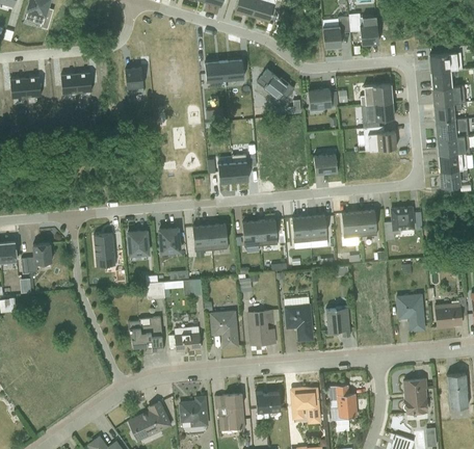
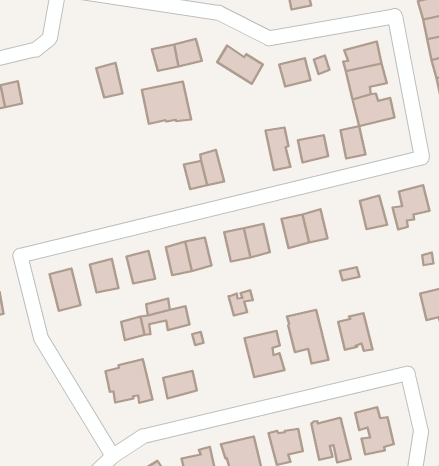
building: [125,68,143,95] -> [96,63,123,97]
building: none -> [142,81,191,124]
building: none -> [266,127,290,170]
building: [342,212,360,237] -> [341,126,366,159]
building: [209,309,238,346] -> none

